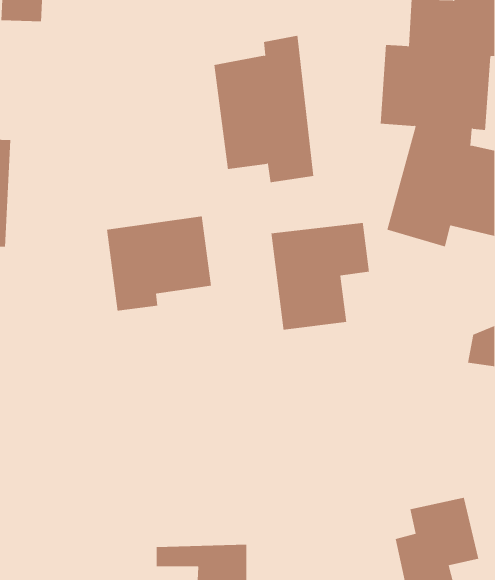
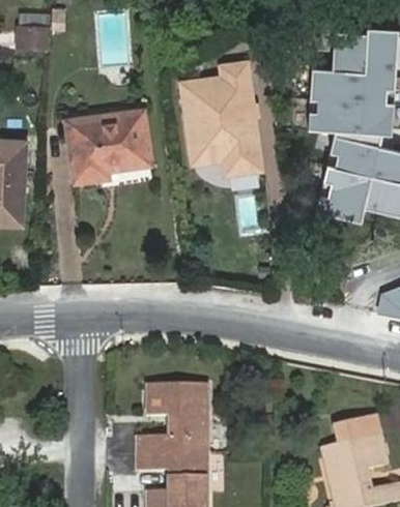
building: [106,216,212,311] -> [67,110,149,183]
building: [271,222,369,331] -> none
building: none -> [137,386,207,455]

